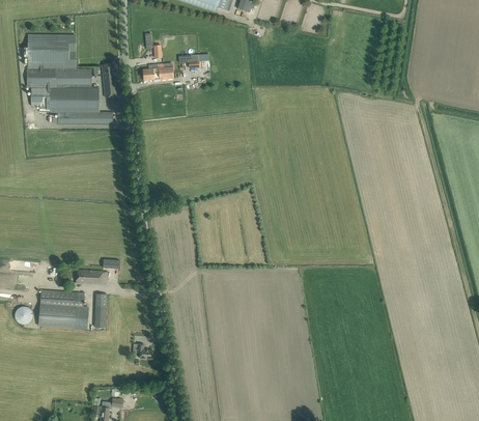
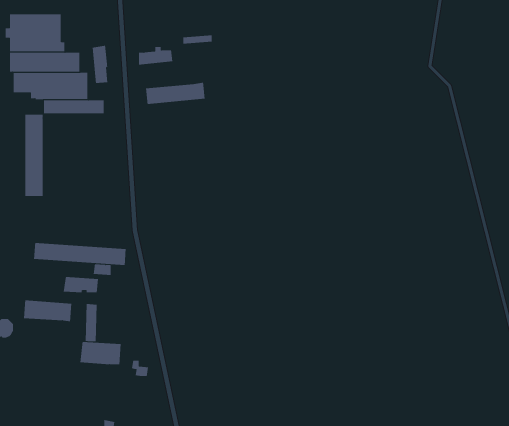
building: none -> [146,82,205,105]
building: none -> [25,114,43,197]
building: none -> [34,242,126,266]
building: [38,306,76,327] -> [80,342,121,365]

